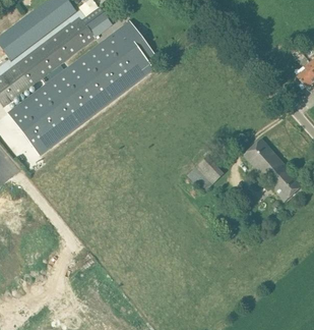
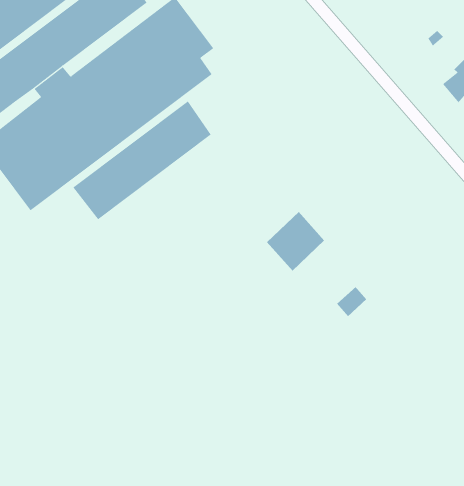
building: none -> [72,100,211,220]
building: [243,139,303,201] -> none

